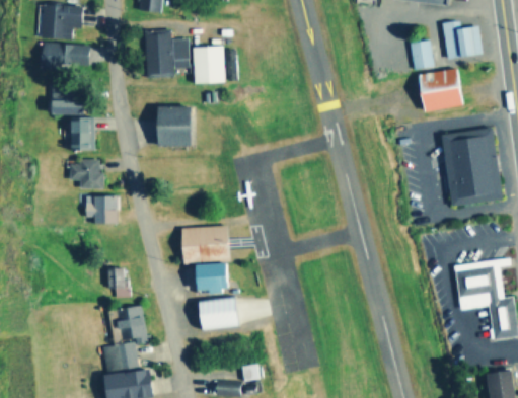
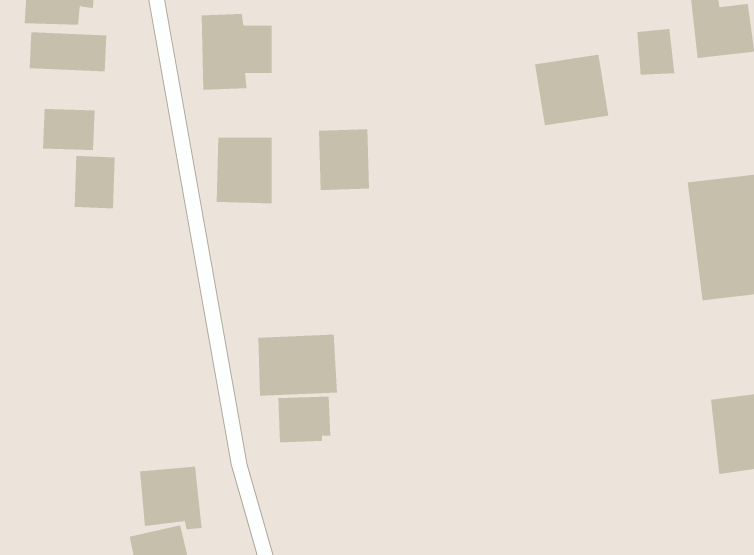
building: [194,46,225,83] -> [318,129,370,191]
building: [418,68,463,111] -> [534,54,609,126]
building: [70,159,105,188] -> none
building: [86,195,118,224] -> none
building: [108,268,132,298] -> none
building: [199,299,237,329] -> none

